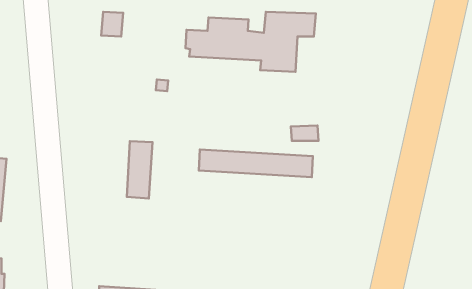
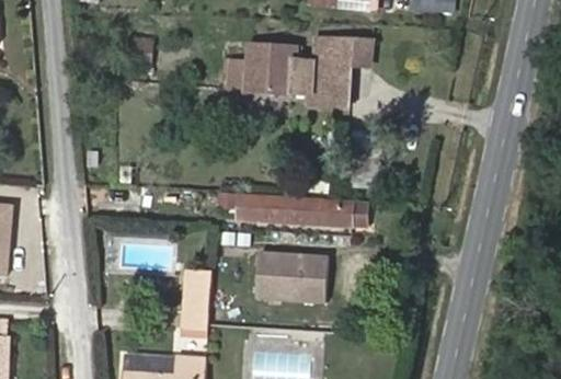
building: [127,141,153,199] -> [182,271,211,336]
building: none -> [250,251,325,305]

